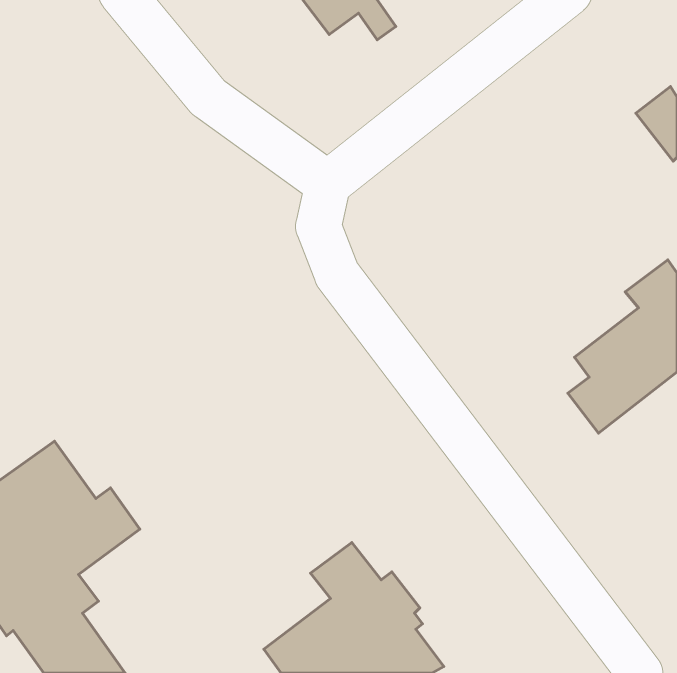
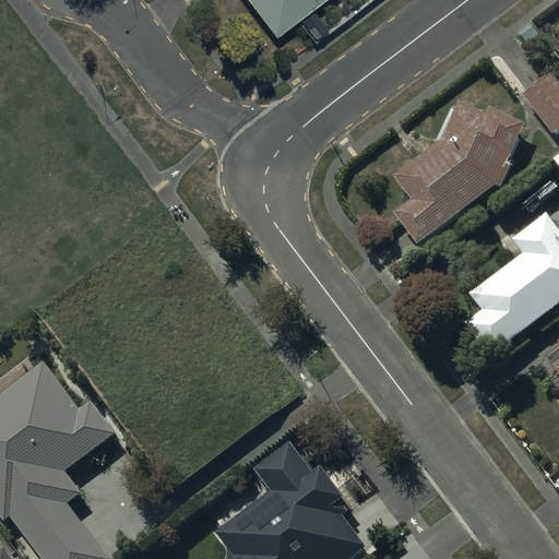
building: none -> [392,100,523,242]

